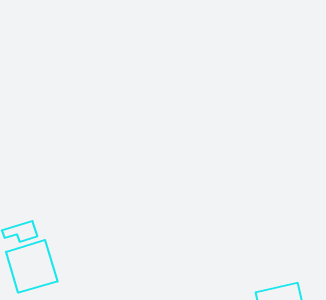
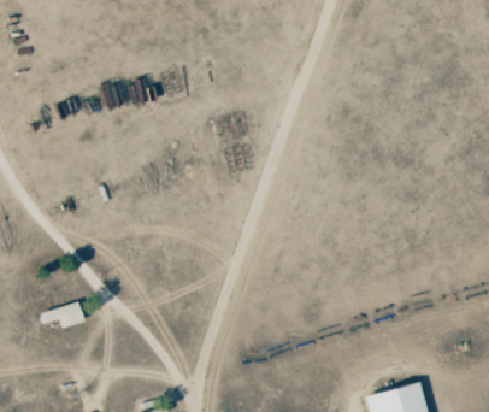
building: [6,240,58,293] -> none

